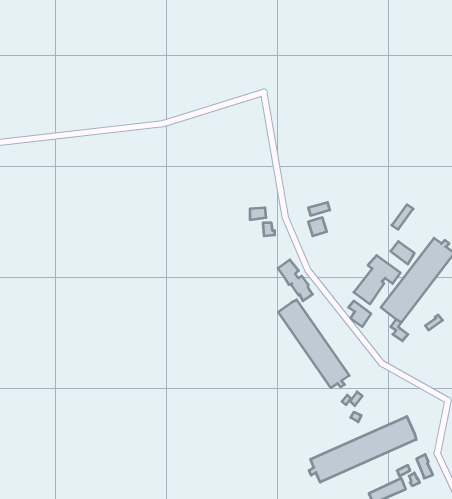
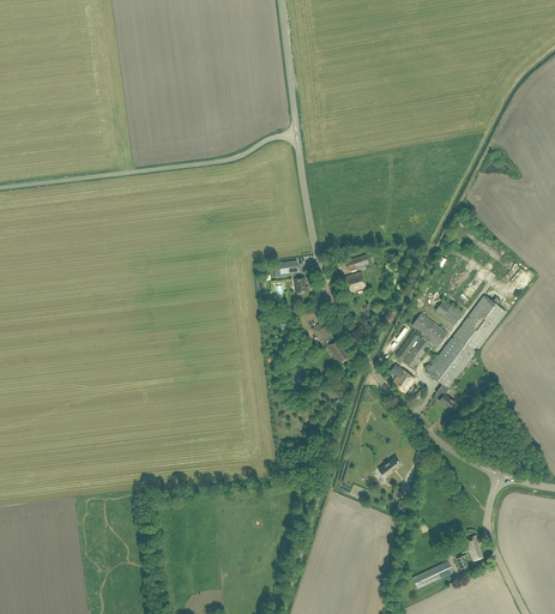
building: [278,300,349,388] -> none
building: [309,416,416,482] -> none

